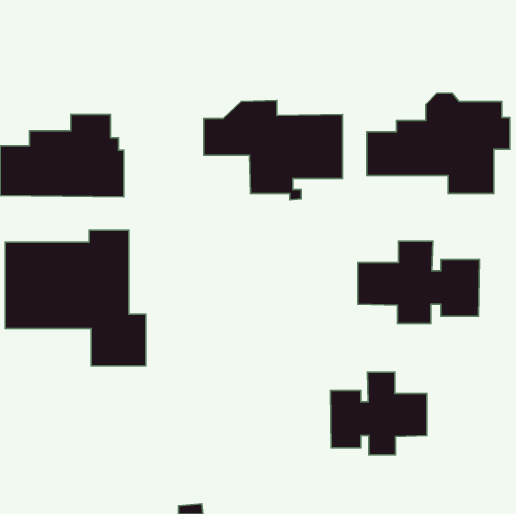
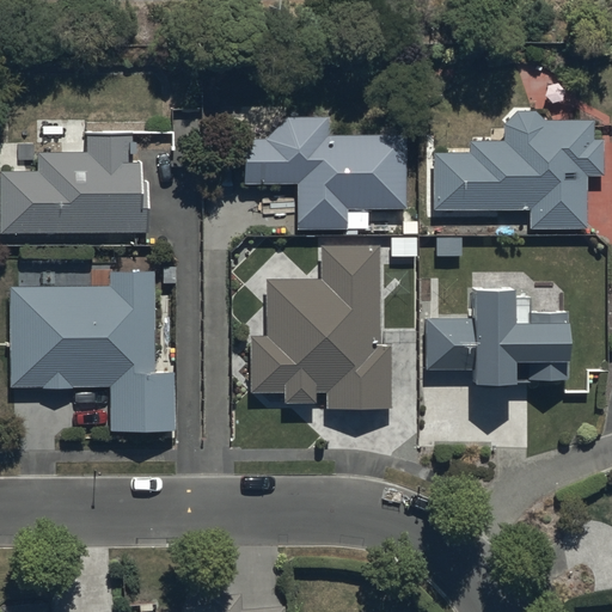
building: none -> [251,246,393,411]
building: [330,372,427,455] -> none

